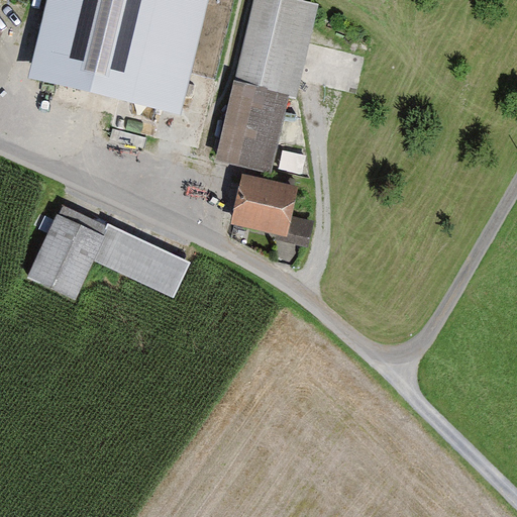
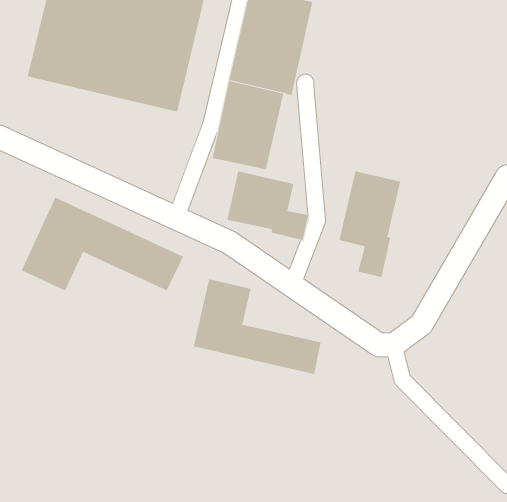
building: none -> [339,170,401,278]
building: none -> [193,279,321,375]

